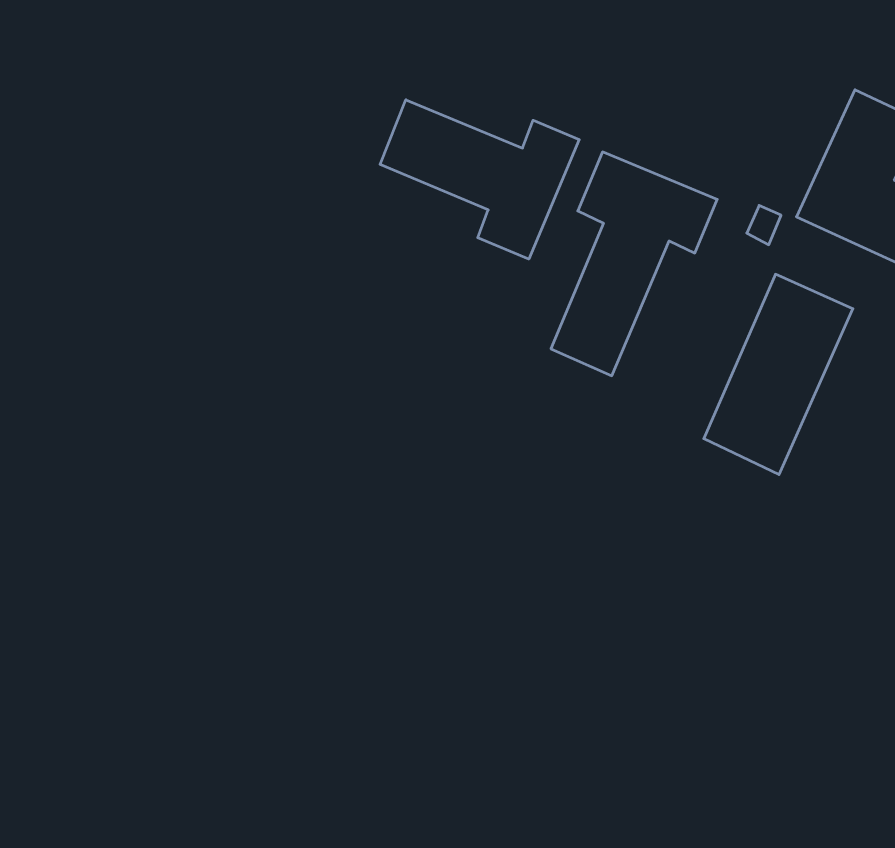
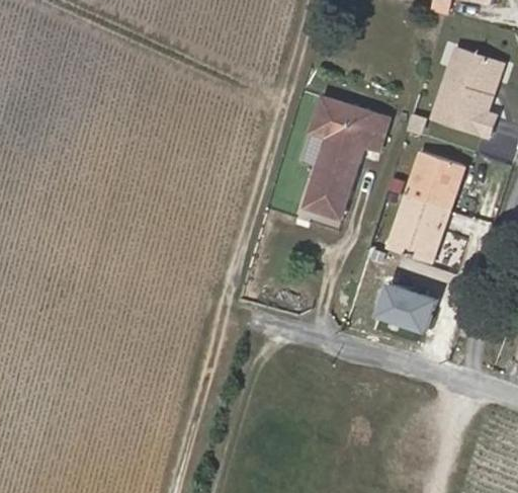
building: [380,100,579,259] -> none
building: none -> [377,287,434,334]

